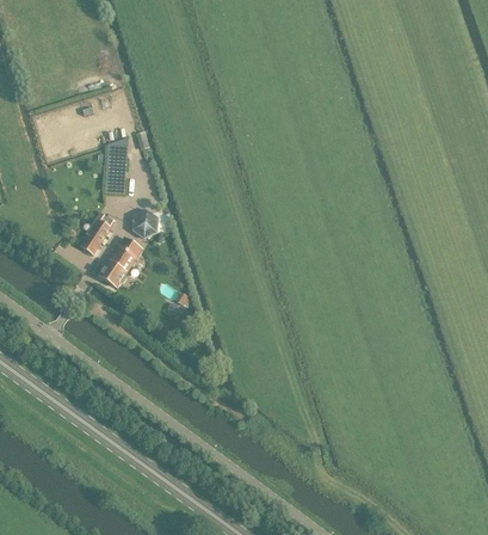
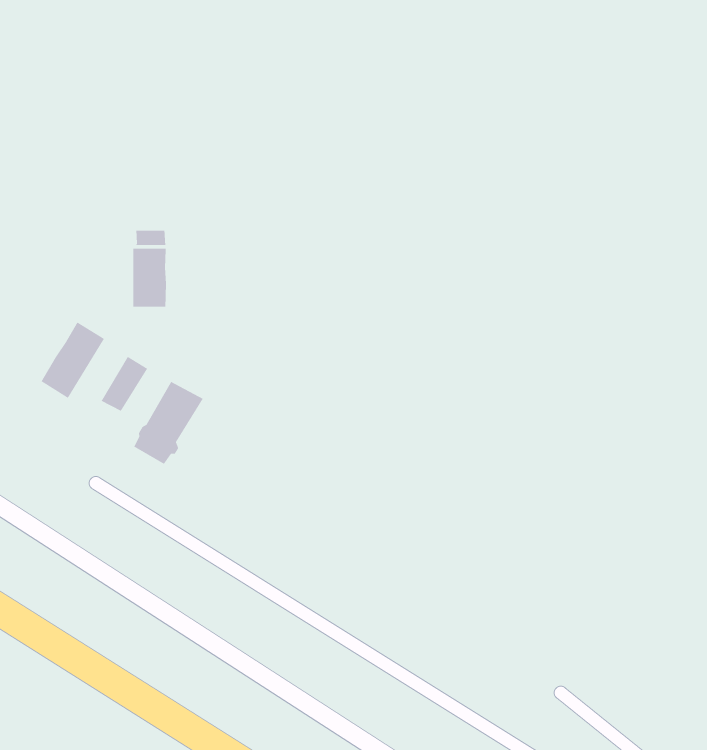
building: none -> [40,321,105,399]
building: [132,209,159,239] -> none

